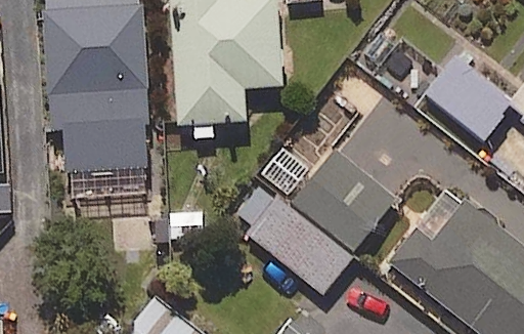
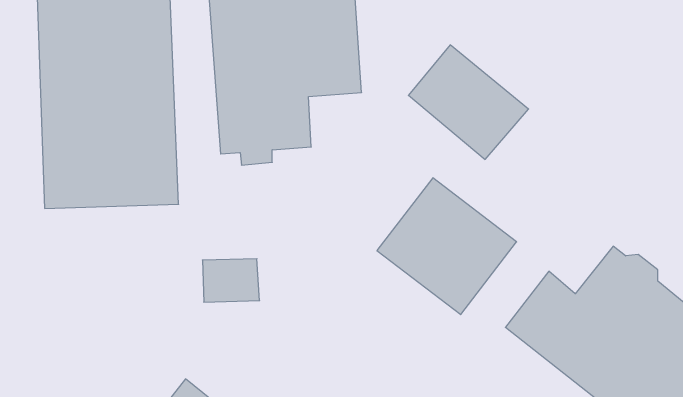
building: [426,55,514,139] -> [408,45,529,159]
building: [246,195,353,294] -> none

